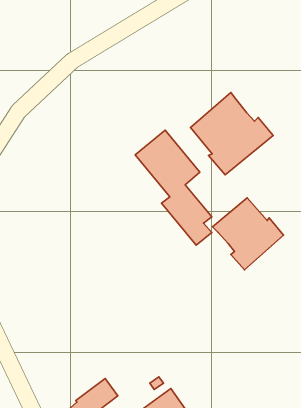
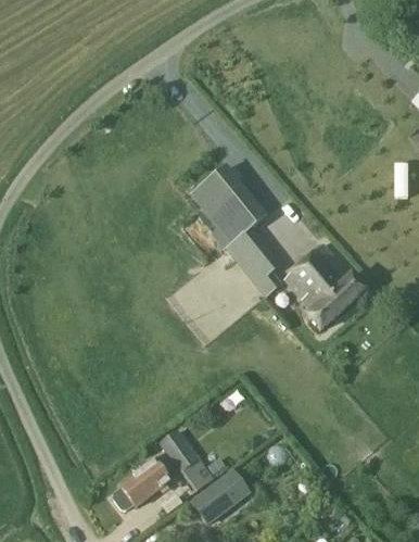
building: [190,92,273,175] -> none
building: none -> [160,428,212,489]

